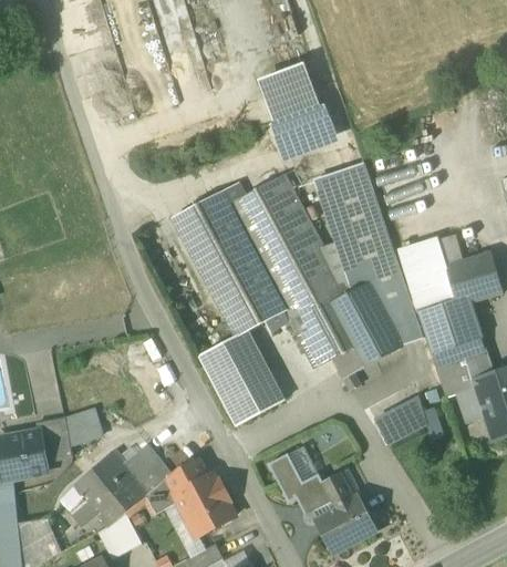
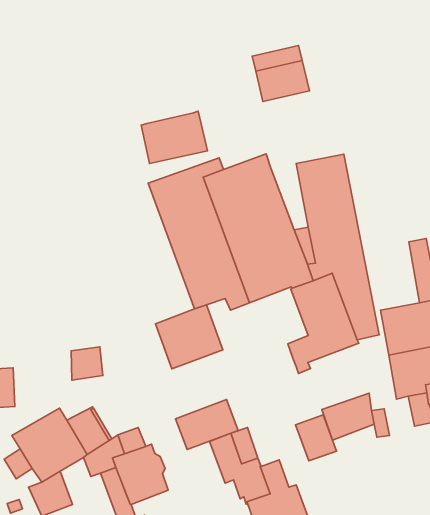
building: [270,103,339,161] -> [141,111,207,163]
building: [400,240,456,311] -> none
building: [289,300,351,367] -> none
building: [221,371,284,425] -> [176,400,238,450]
building: [66,409,101,445] -> [71,347,103,380]
building: none -> [295,415,336,461]

